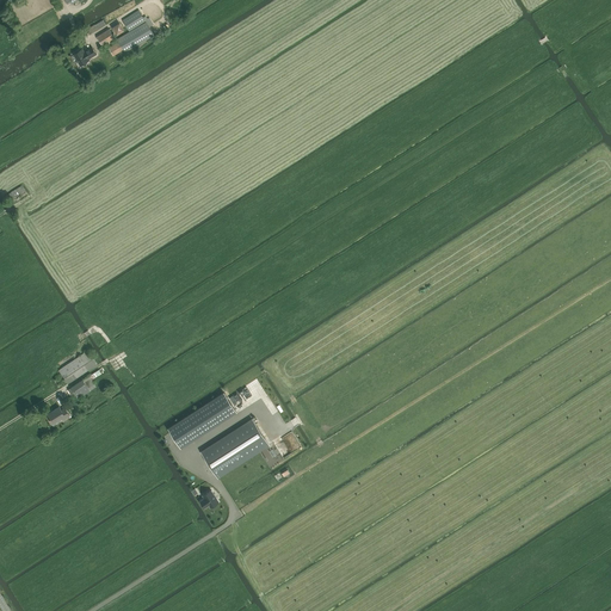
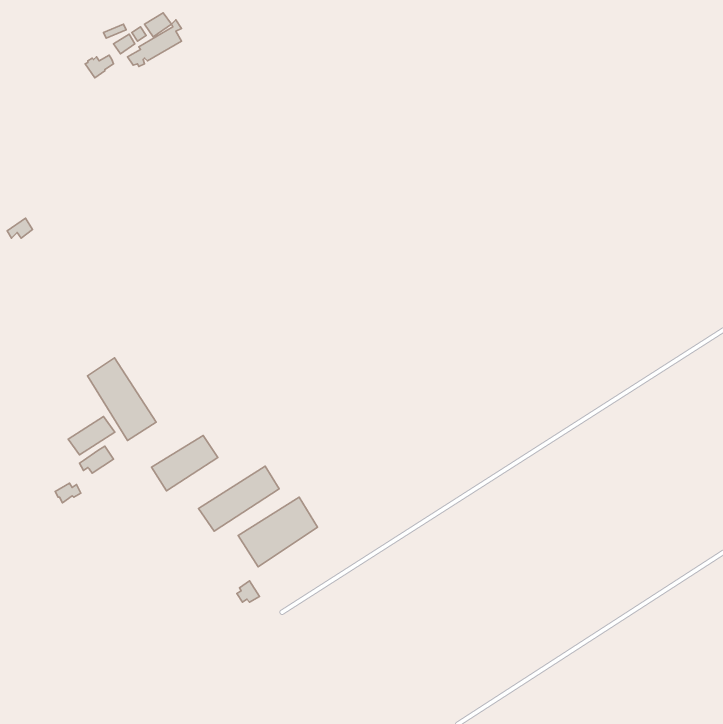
building: none -> [87,358,156,441]
building: none -> [152,436,218,491]

